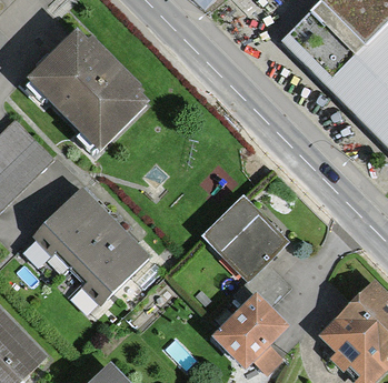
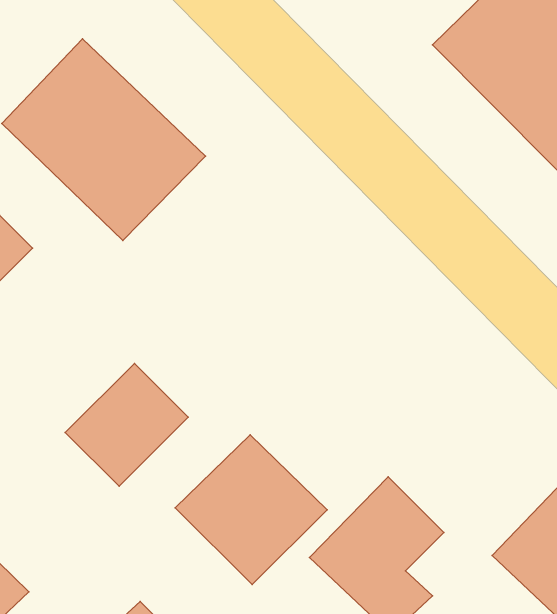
building: [39,193,110,264] -> none
building: [201,193,289,280] -> [175,435,327,585]

